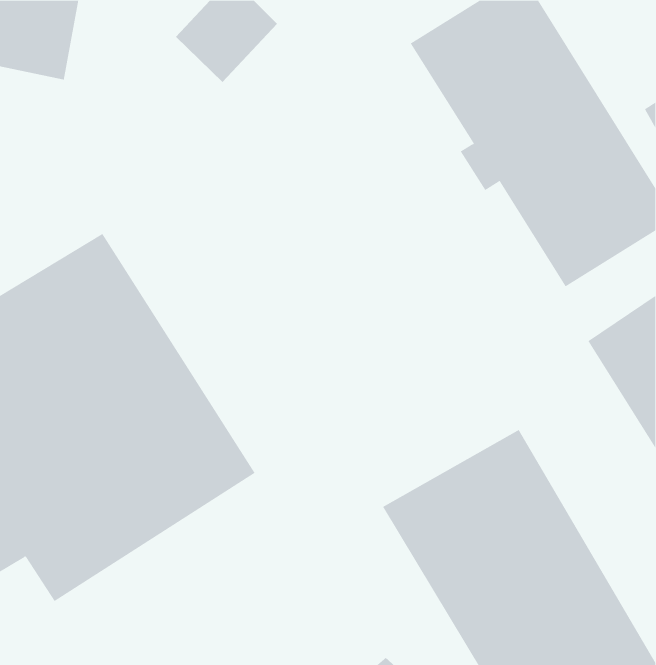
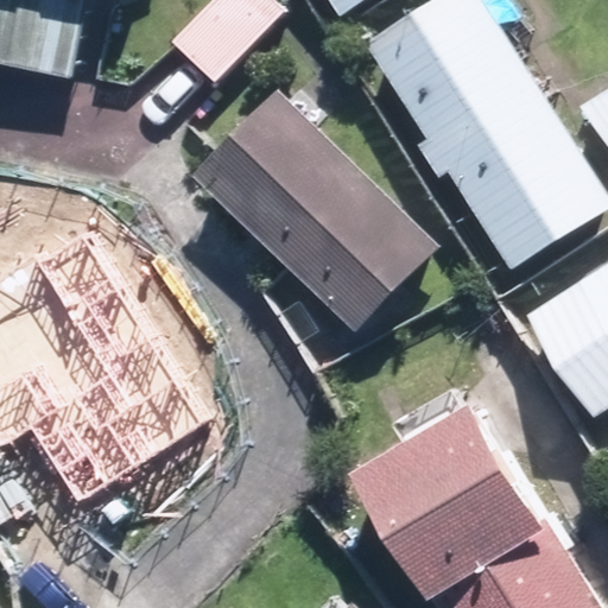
building: none -> [197,94,436,330]

